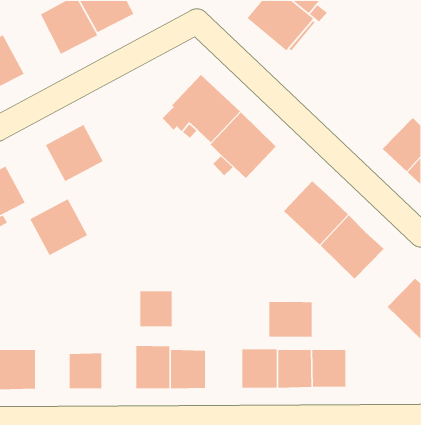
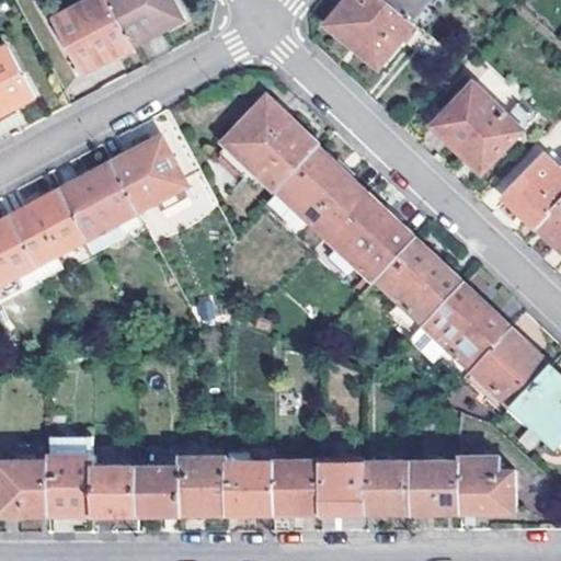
building: none -> [432,82,523,173]
building: none -> [111,137,187,213]
building: none -> [324,193,412,280]
building: [29,198,88,256] -> [8,191,85,267]
building: none -> [468,328,548,407]
building: [139,291,173,327] -> [135,465,179,513]
building: [269,301,312,338] -> none
building: none -> [47,455,91,513]
building: none -> [457,457,512,511]
building: none -> [272,459,319,512]

